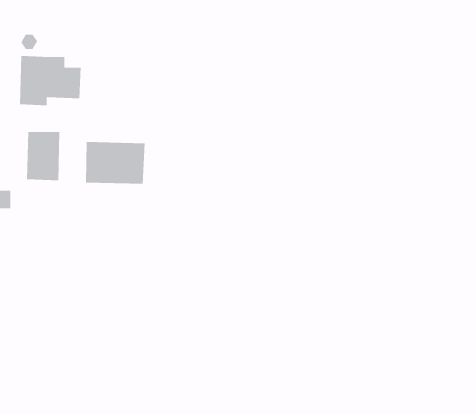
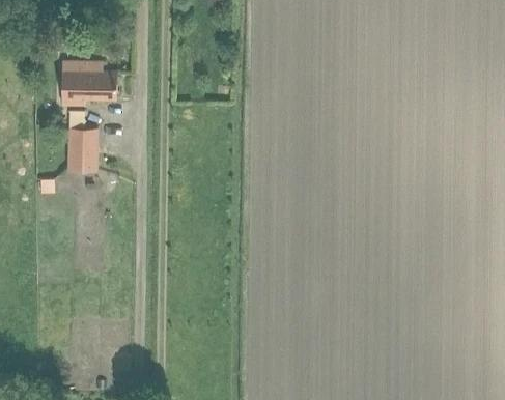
building: [86,141,145,185] -> none

